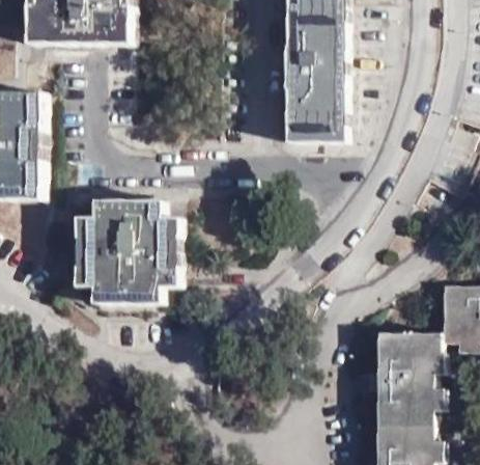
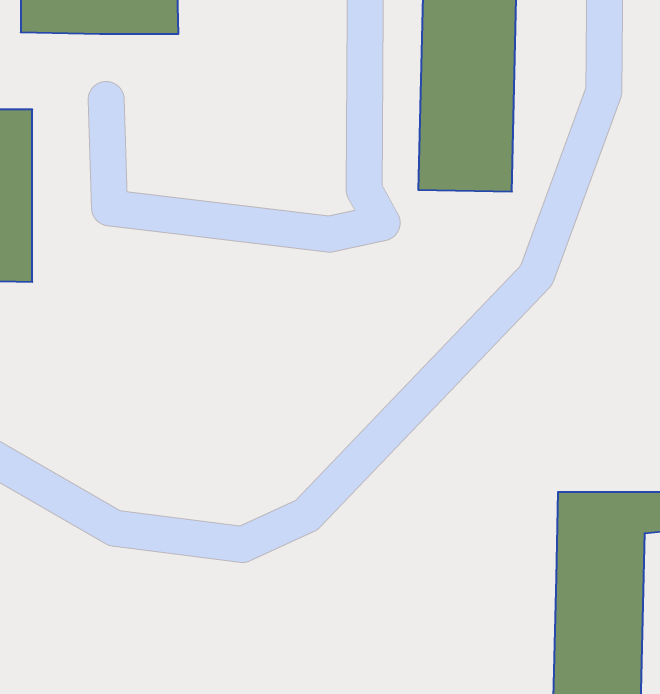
building: [76,198,180,305] -> none

